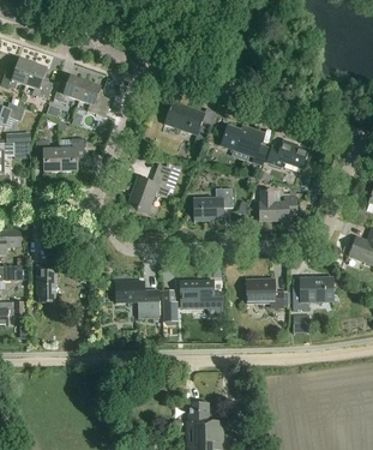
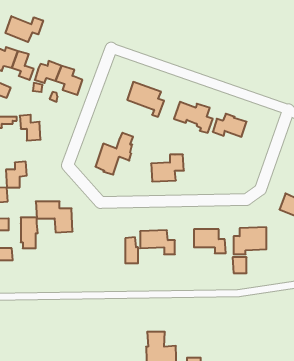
building: none -> [5,16,43,42]
building: [59,139,84,170] -> [6,162,27,187]
building: [259,188,296,220] -> none
building: [114,281,158,318] -> [36,201,73,232]

